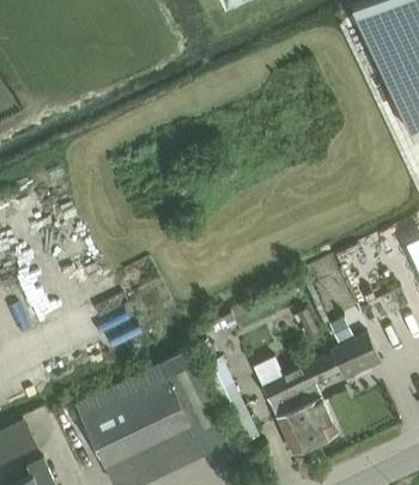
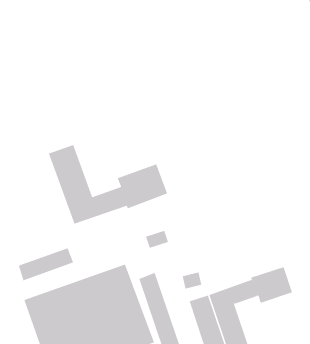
building: none -> [48,144,168,225]
building: none -> [18,247,74,281]

